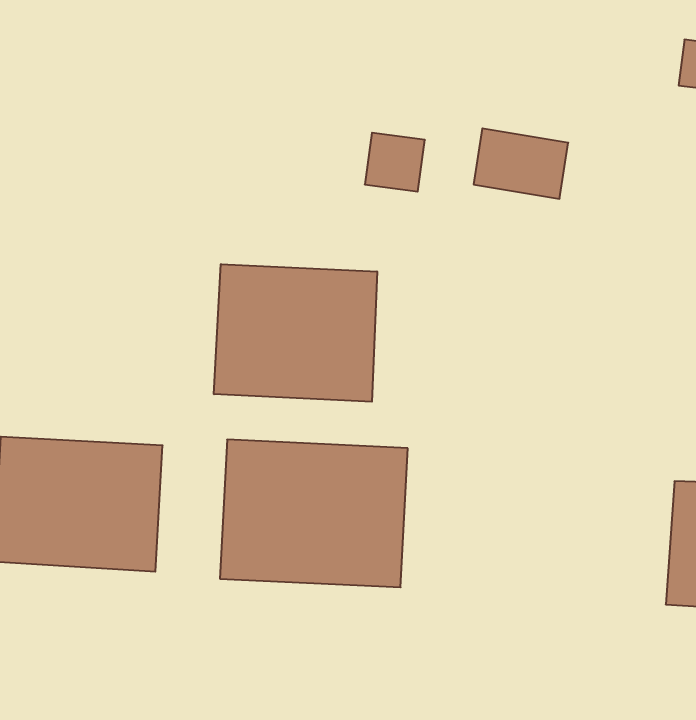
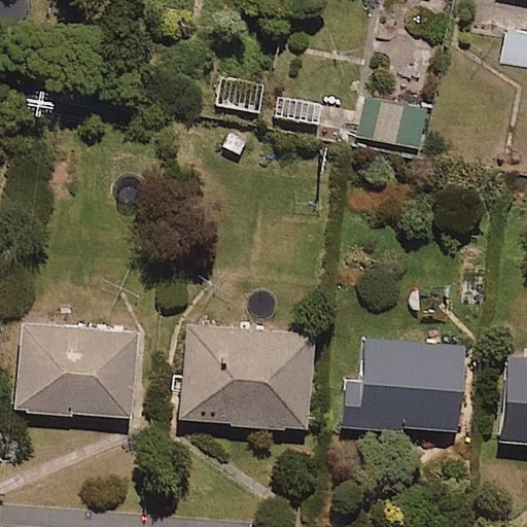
building: [214,264,377,402] -> none
building: none -> [345,338,464,432]

